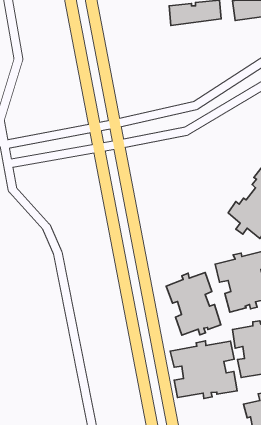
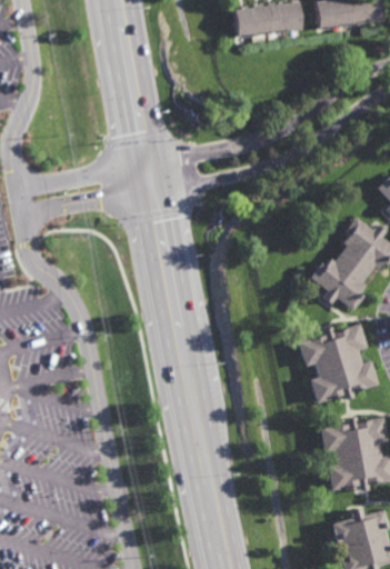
building: [166,272,221,335] -> none
building: [170,341,237,398] -> none

